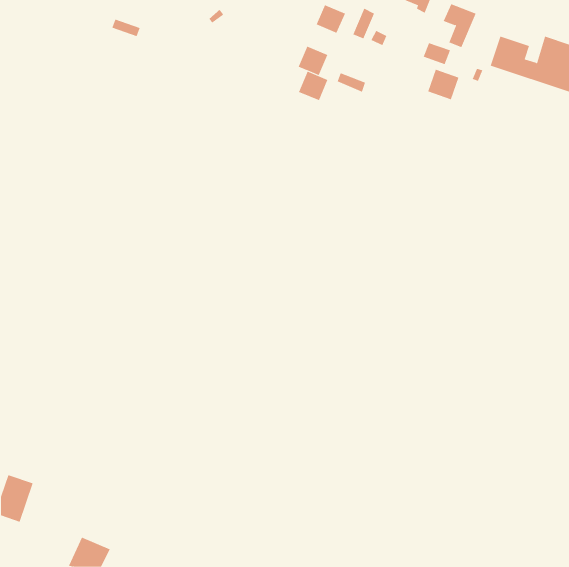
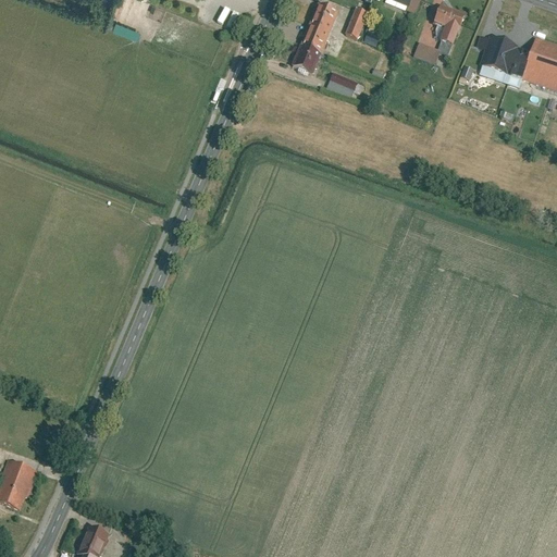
building: [427,69,459,100] -> none
building: [298,71,328,101] -> [300,24,330,53]

